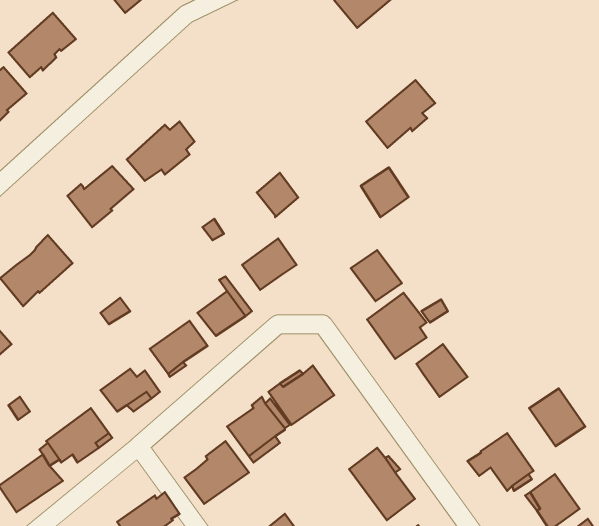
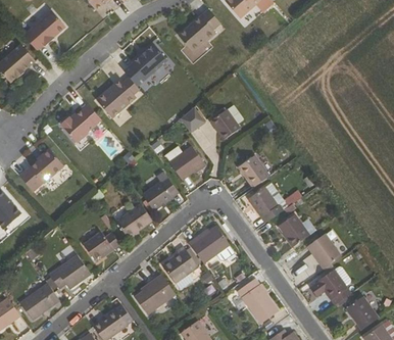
building: none -> [134,44,168,78]
building: [366,80,435,148] -> [180,9,223,51]
building: [361,168,408,217] -> [209,110,239,141]
building: [529,389,585,446] -> [306,234,341,270]

